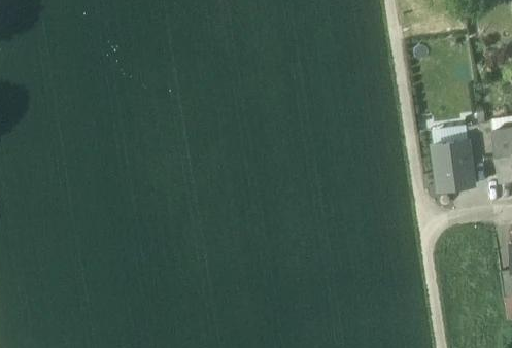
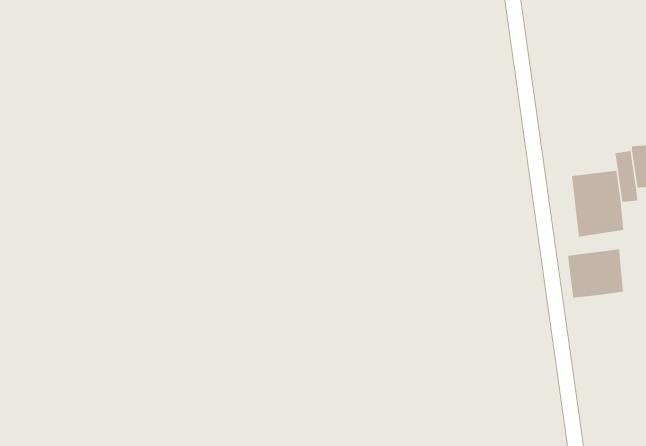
building: none -> [568,248,624,299]

